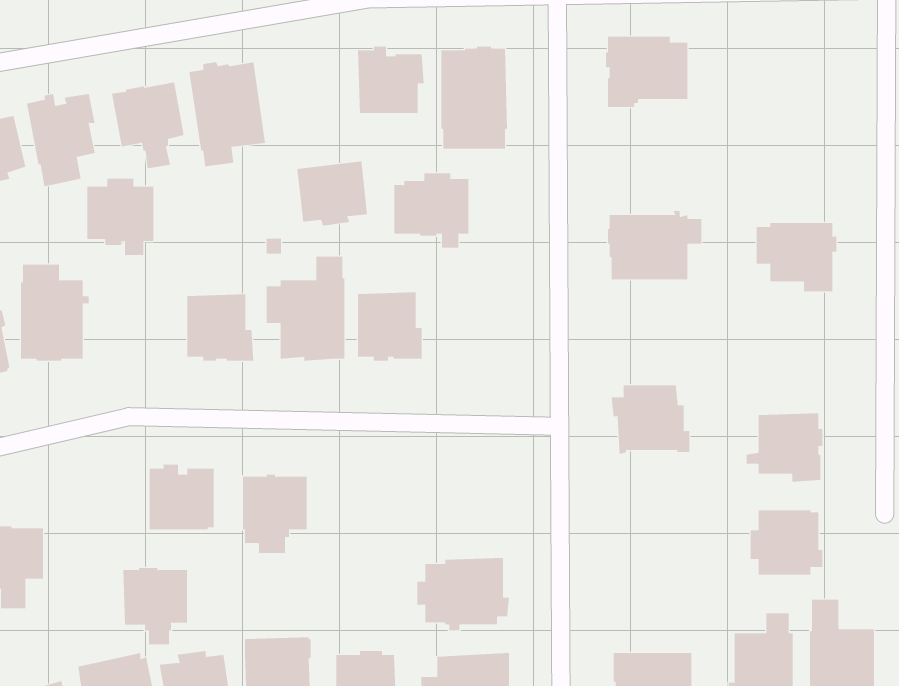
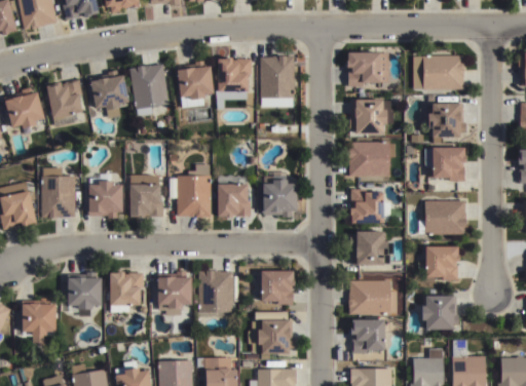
building: none -> [412,52,463,88]
building: none -> [427,94,465,136]
building: none -> [348,96,393,132]
building: [297,161,368,226] -> [177,63,214,96]
building: [394,173,469,248] -> [258,178,297,217]
building: [87,178,154,255] -> [87,178,122,218]
building: none -> [348,188,383,221]
building: none -> [417,199,466,234]
building: none -> [261,268,296,304]
building: none -> [195,269,238,318]
building: none -> [347,279,397,314]
building: none -> [348,318,383,353]
building: [122,568,188,645] -> [66,275,100,315]

